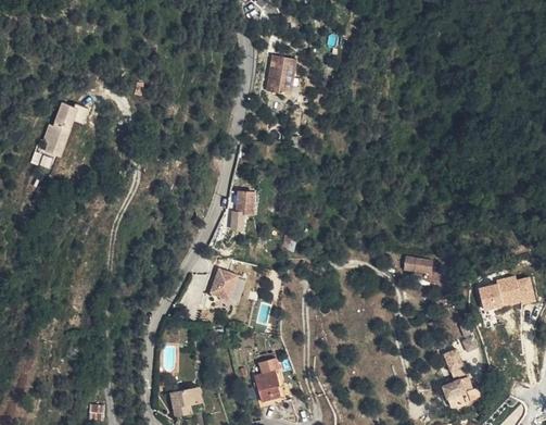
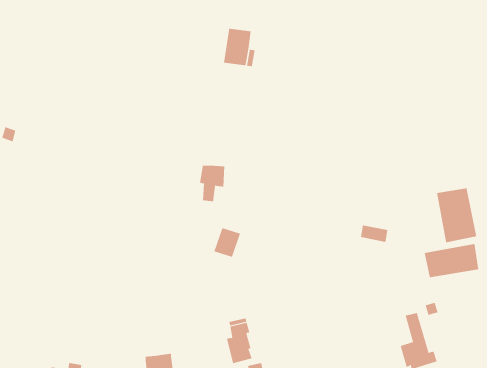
building: [37,101,80,159] -> none
building: none -> [436,188,477,243]
building: [217,270,245,301] -> [214,227,241,258]

